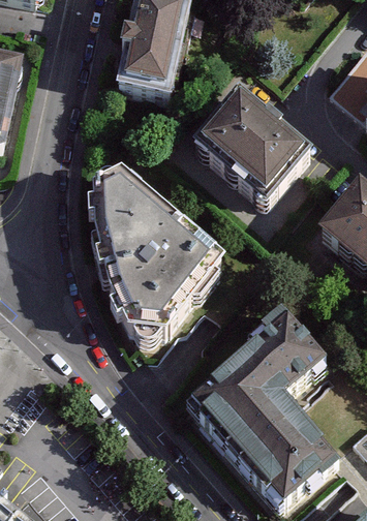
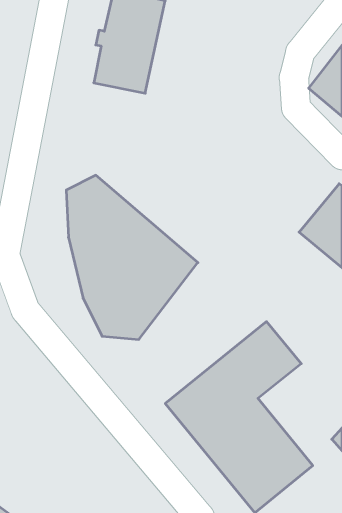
building: [202,100,306,201] -> none

